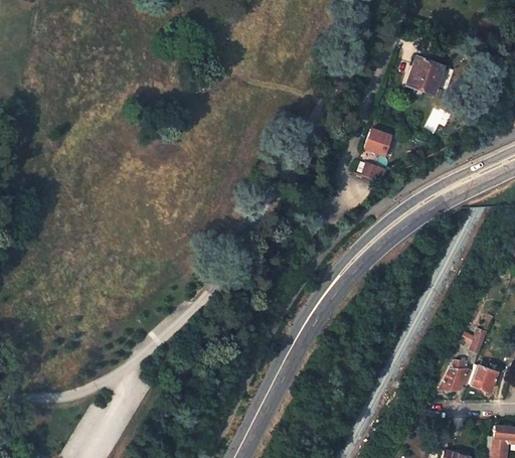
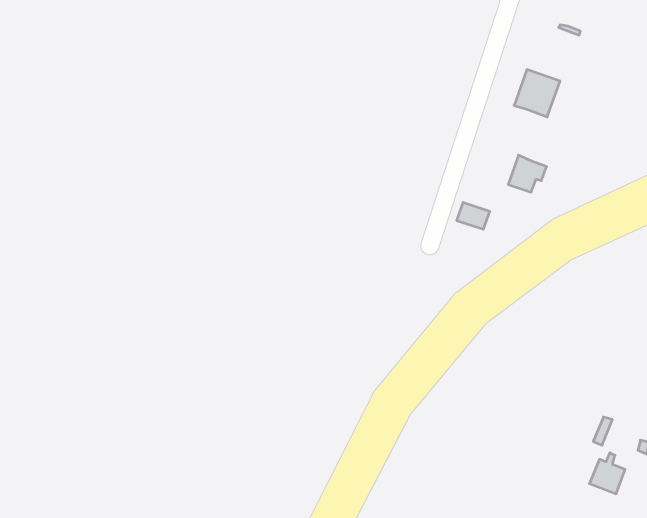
building: [366,126,396,155] -> [508,155,547,192]
building: [439,365,466,391] -> none

